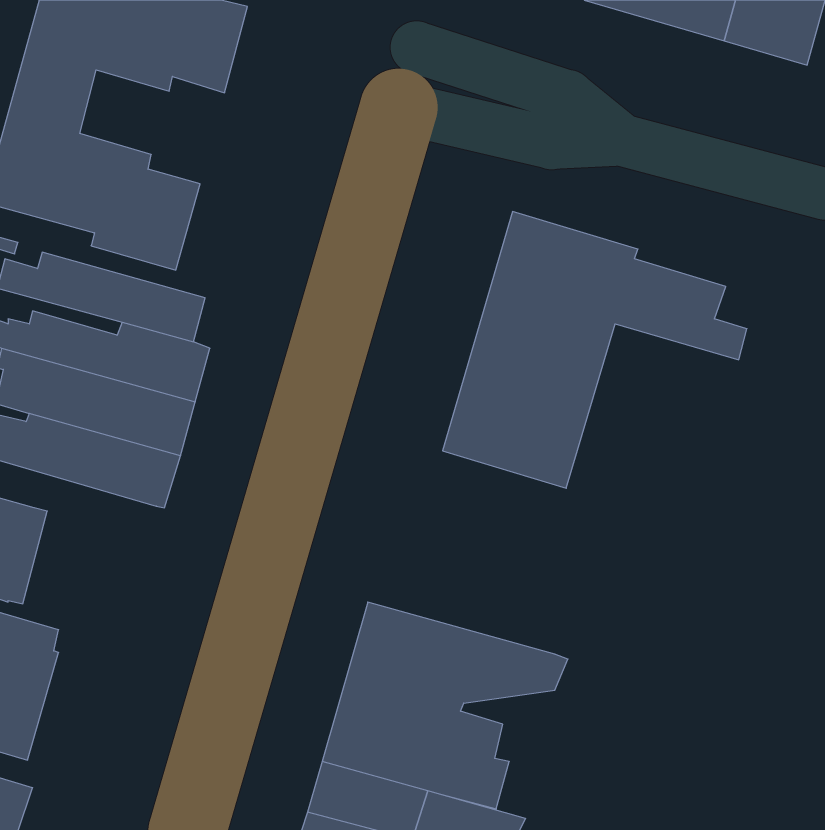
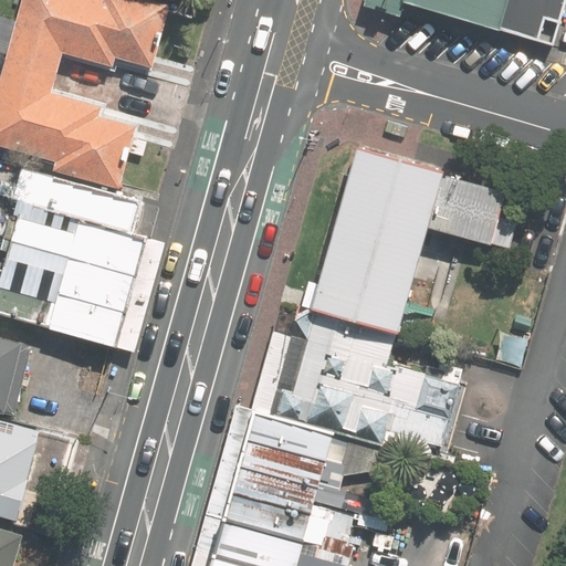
building: none -> [250,302,453,446]

